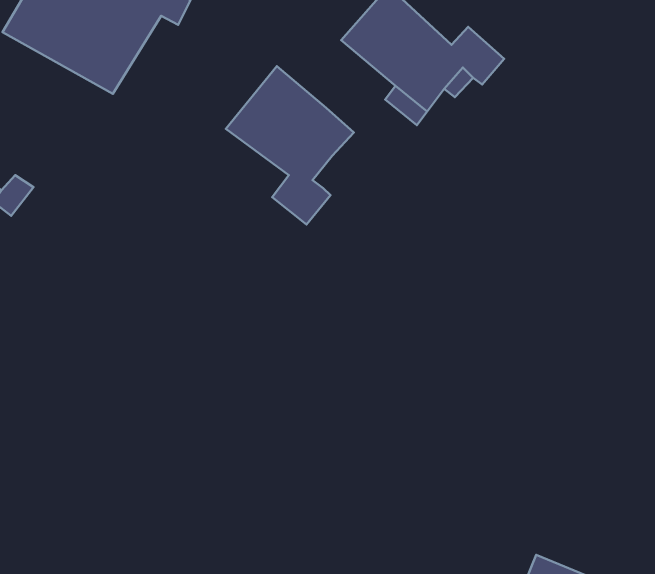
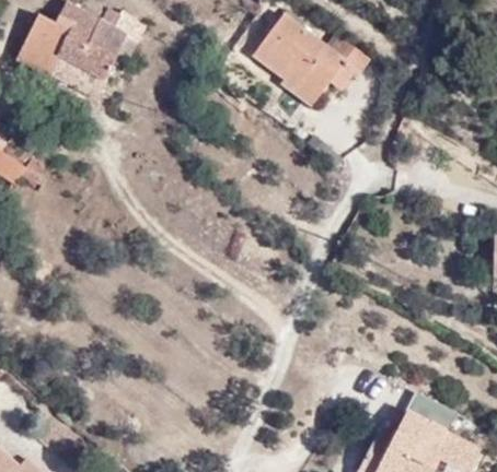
building: [226,66,354,224] -> none

